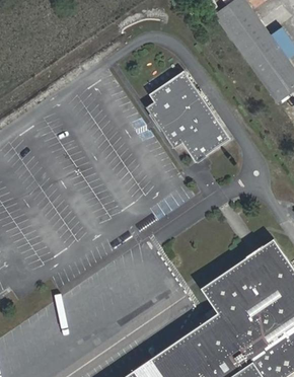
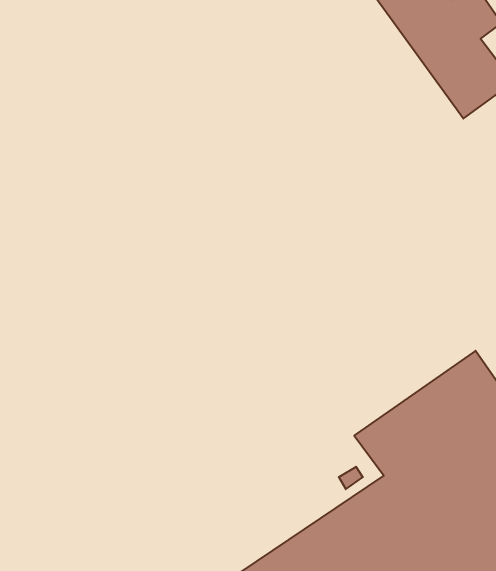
building: [141,74,226,166] -> none

